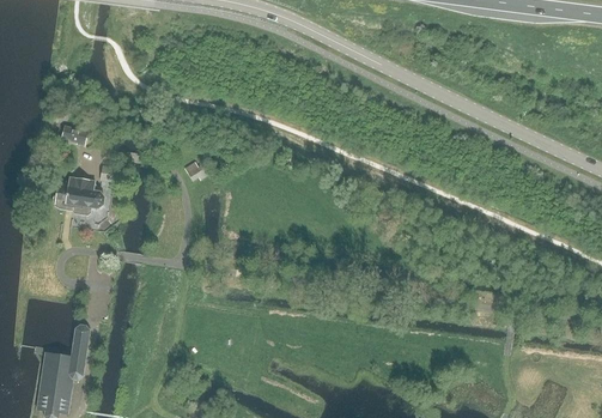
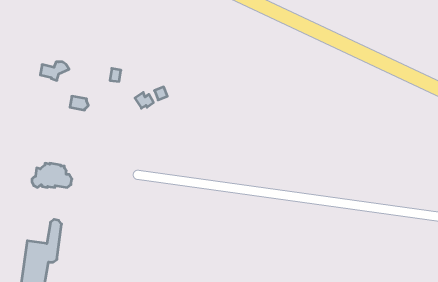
building: [51,177,103,208] -> [32,163,72,187]

